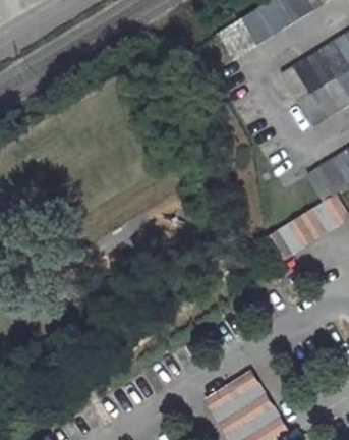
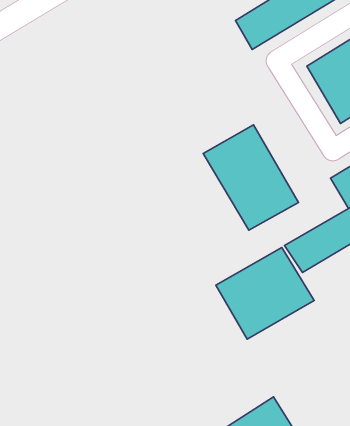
building: none -> [203,125,299,230]
building: none -> [216,248,314,339]

